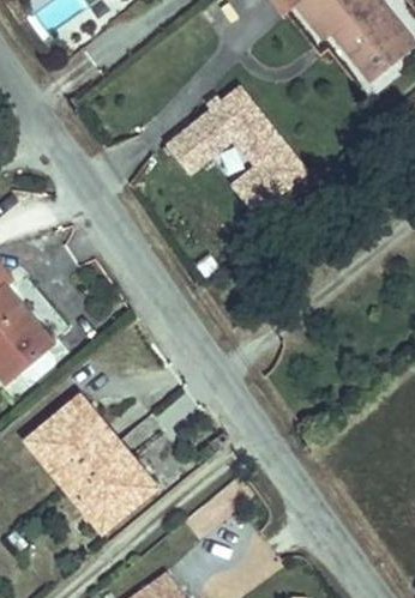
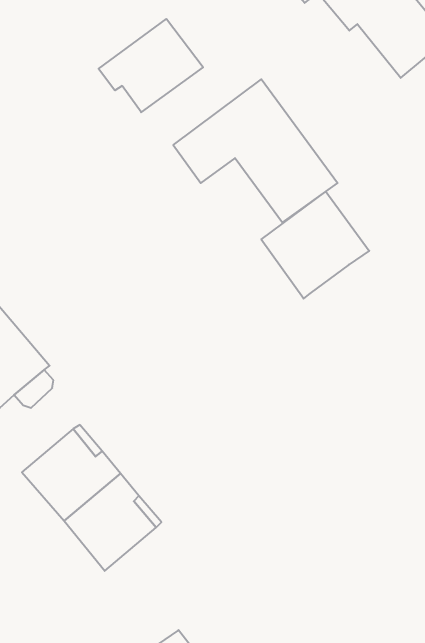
building: none -> [99,19,203,112]
building: none -> [261,192,369,299]

